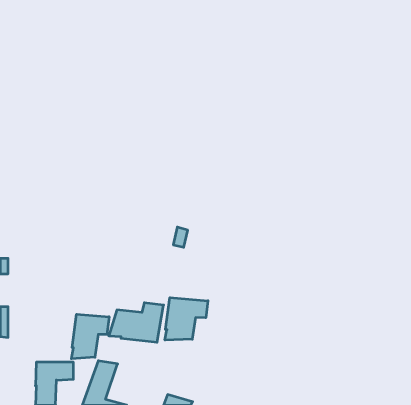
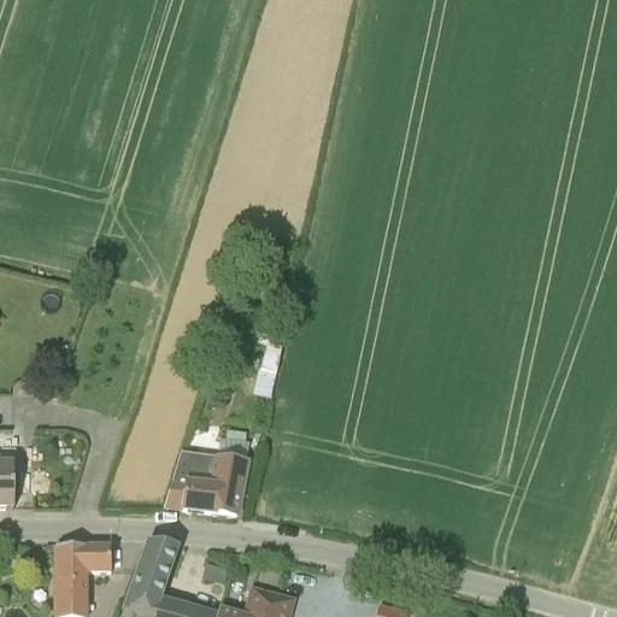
building: [165,298,208,340] -> none
building: [71,314,109,359] -> none

